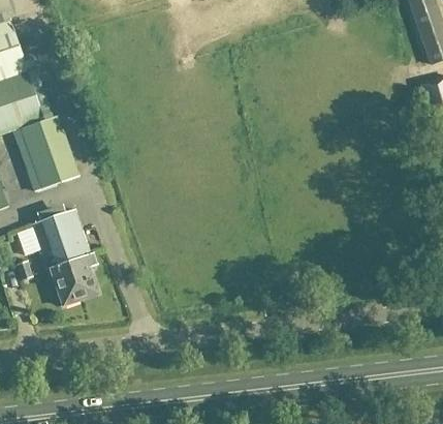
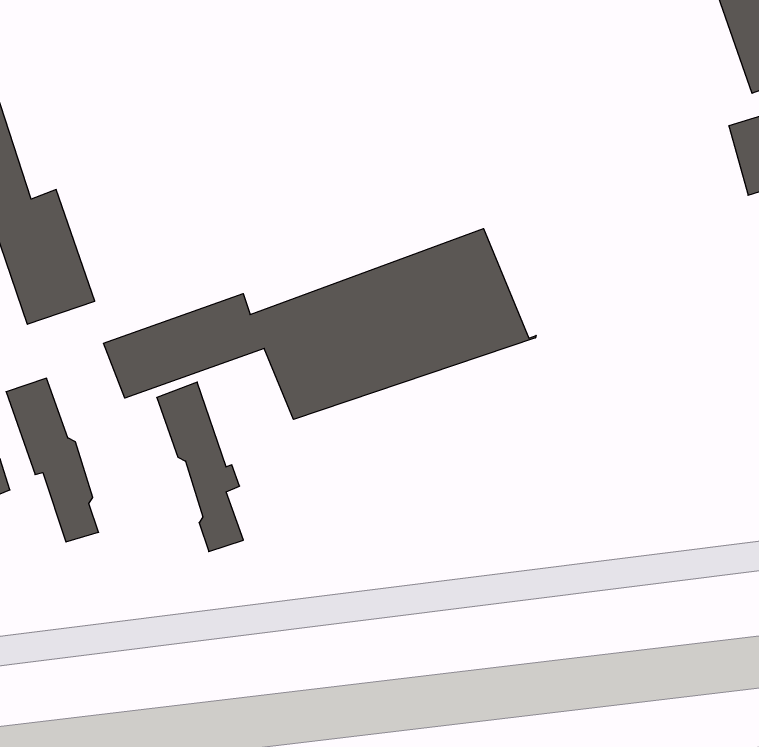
building: none -> [104,229,536,419]
building: [52,208,98,299] -> [157,382,243,552]

